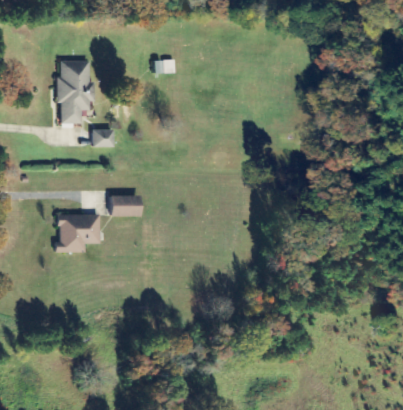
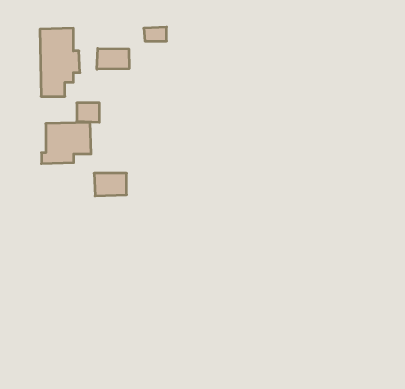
building: none -> [97,48,129,69]
building: [54,213,100,251] -> [41,123,91,164]

